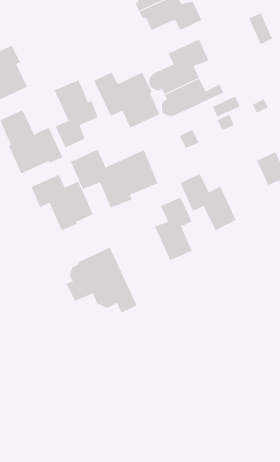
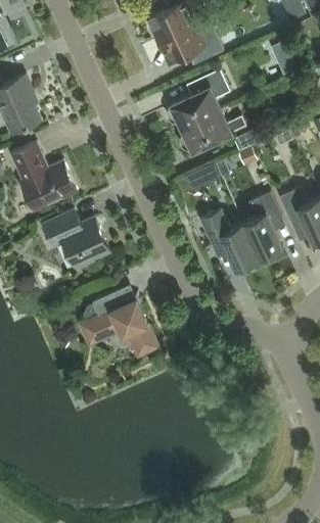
building: [94,72,160,129] -> none
building: [54,79,99,148] -> none
building: [70,149,158,208] -> none
building: [154,197,193,261] -> [243,192,283,258]

